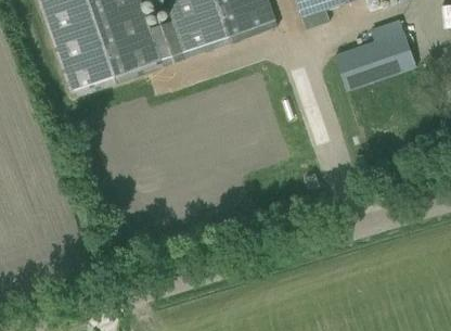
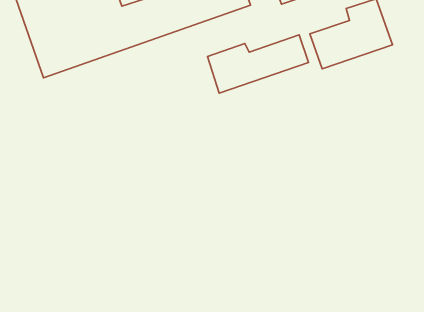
building: none -> [207,35,309,93]

